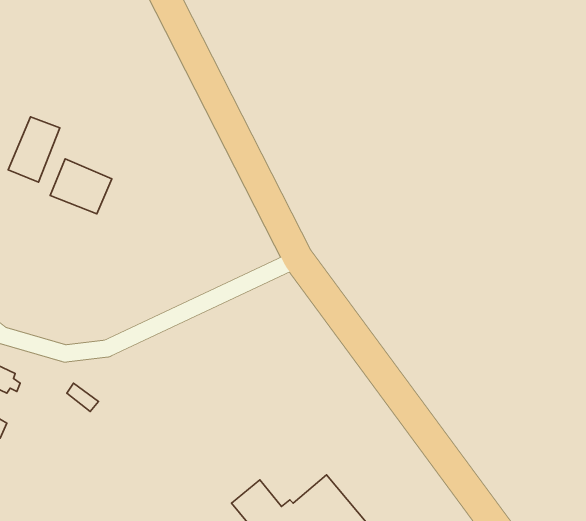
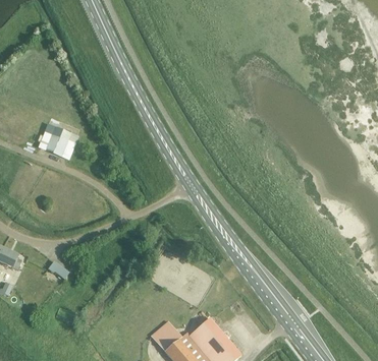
building: [8,117,60,182] -> none

